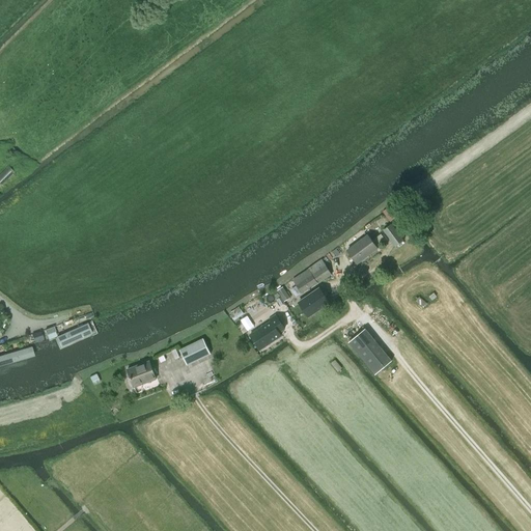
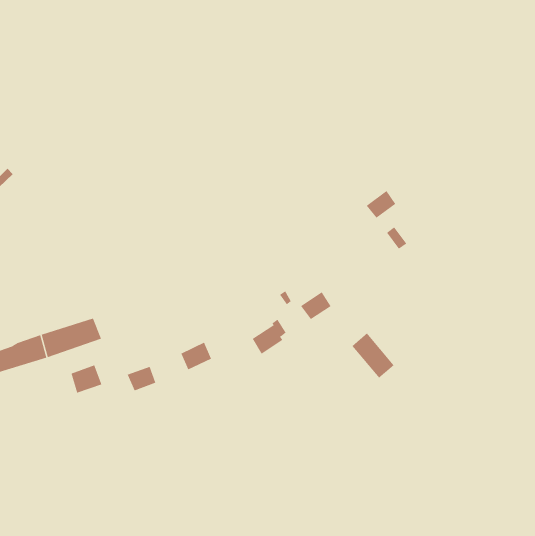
building: [345,235,375,263] -> [366,190,396,218]
building: [285,260,330,294] -> none
building: none -> [71,365,102,394]

